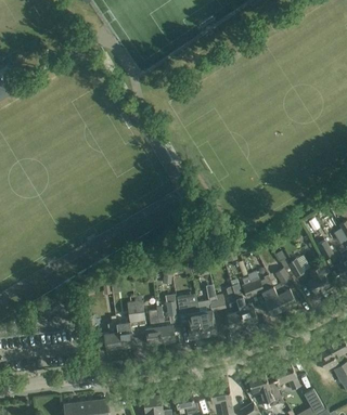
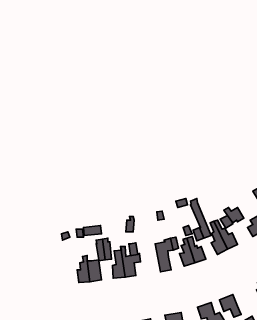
building: [177,300,204,340] -> none

